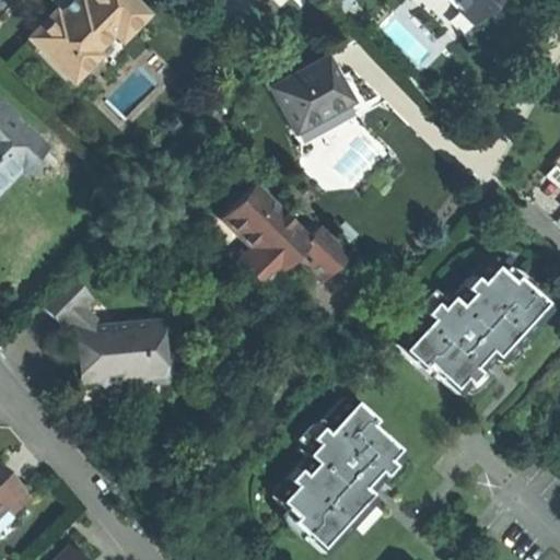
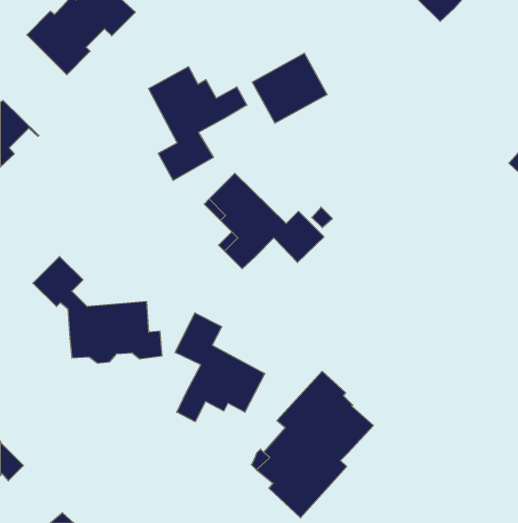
building: none -> [149,67,247,180]
building: [397,266,551,393] -> none
building: none -> [175,313,265,422]

